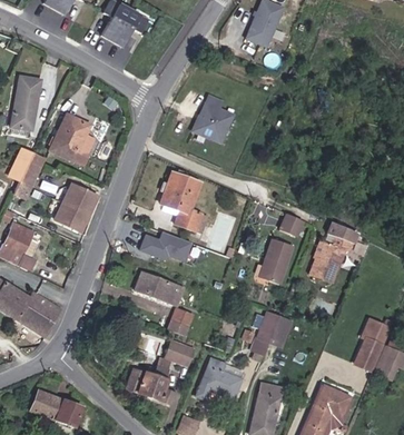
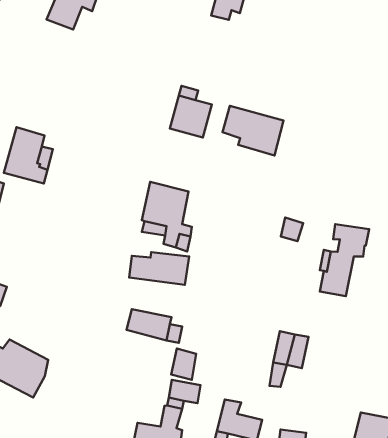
building: none -> [222,106,284,155]
building: [53,182,96,230] -> none
building: [262,240,289,284] -> none

